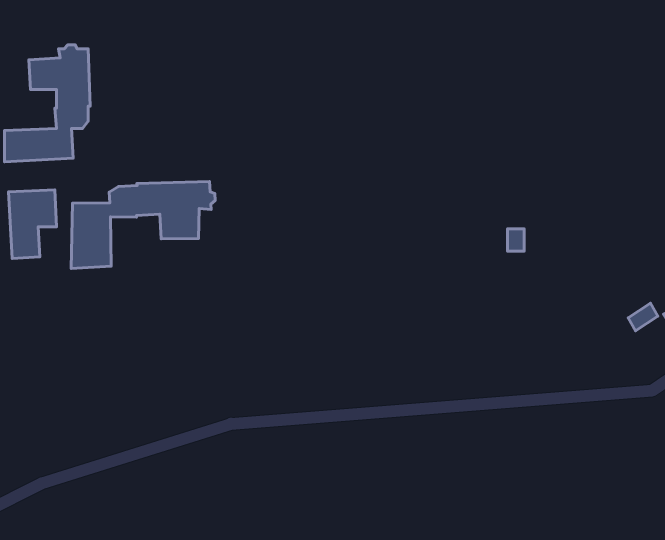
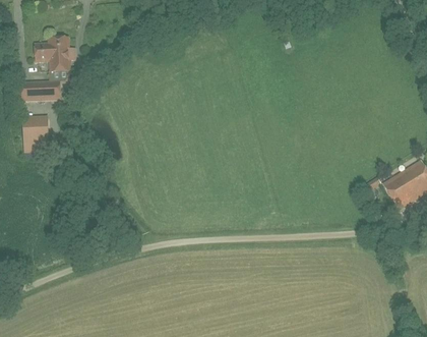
building: [71,181,215,268] -> none

